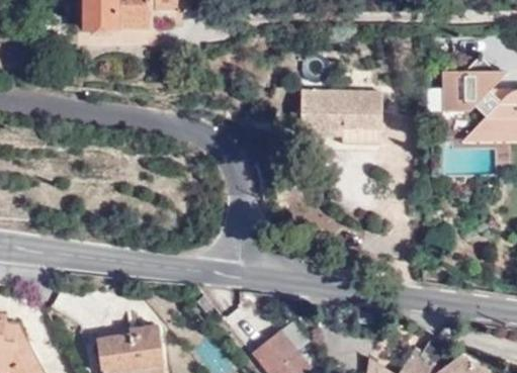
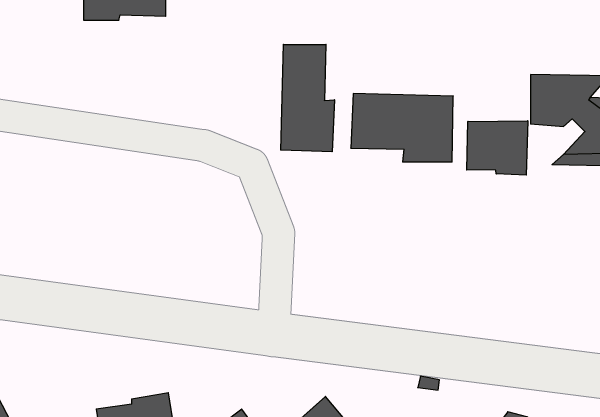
building: none -> [281,44,334,152]
building: none -> [467,121,528,175]

